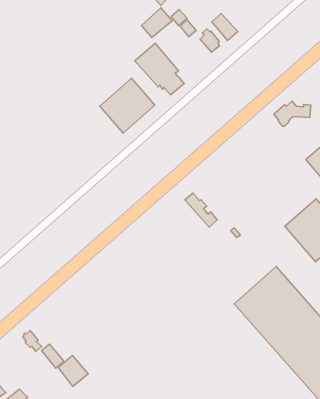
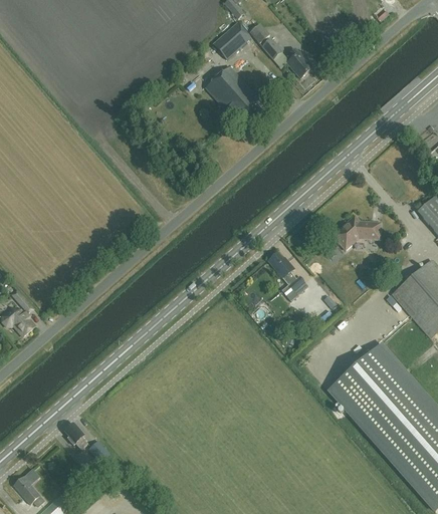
building: [212,13,238,41] -> none
building: [100,78,155,133] -> none
building: [274,101,311,126] -> [334,218,380,249]
building: [58,356,88,387] -> none

